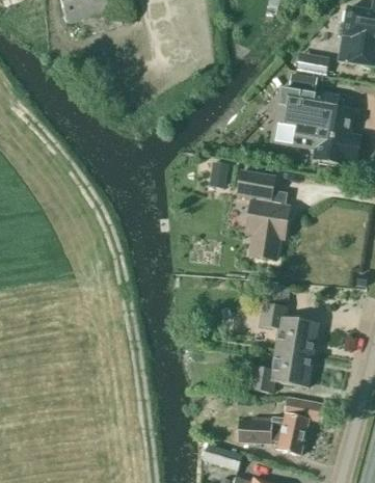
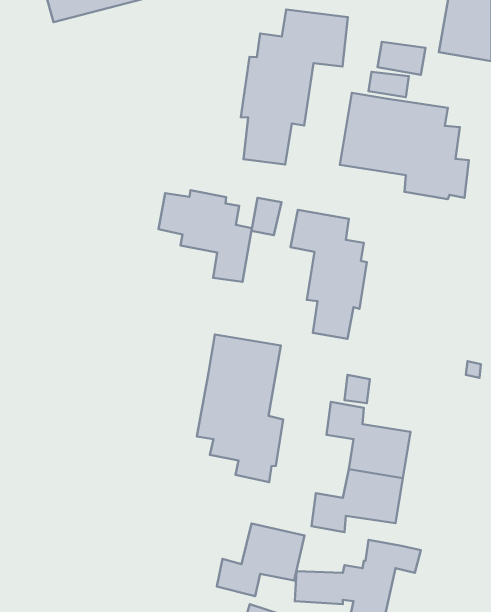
building: none -> [241,9,348,164]
building: none -> [159,190,252,282]
building: none -> [197,335,283,482]
building: none -> [217,524,304,596]

